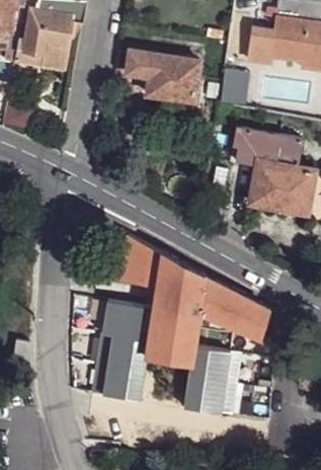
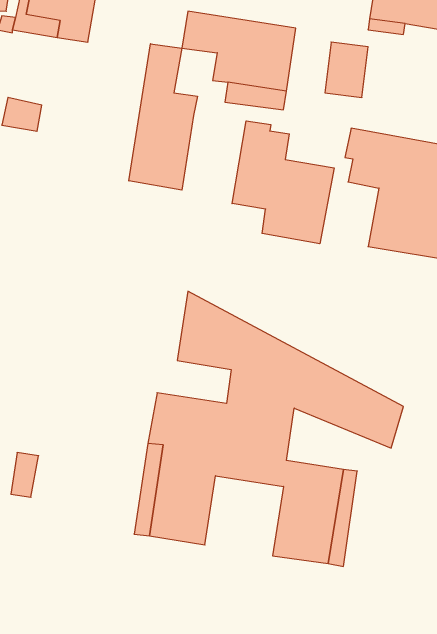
building: none -> [129,44,197,190]
building: none -> [232,121,334,244]

